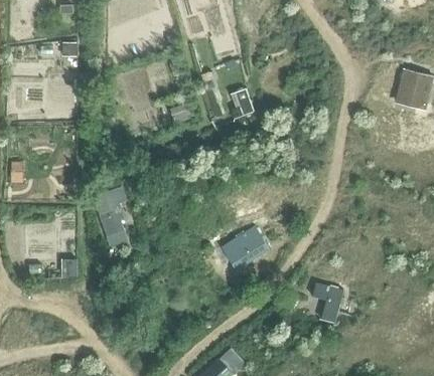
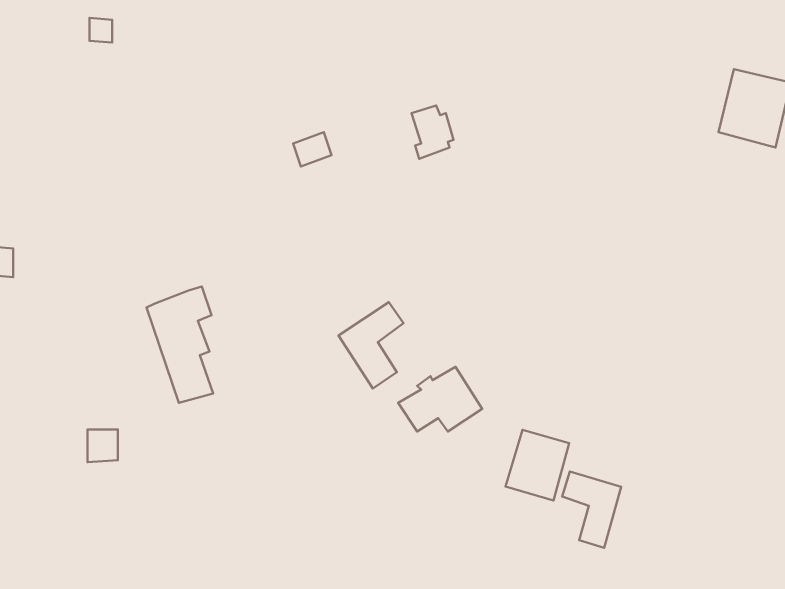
building: none -> [339,302,403,388]
building: none -> [506,430,569,501]

